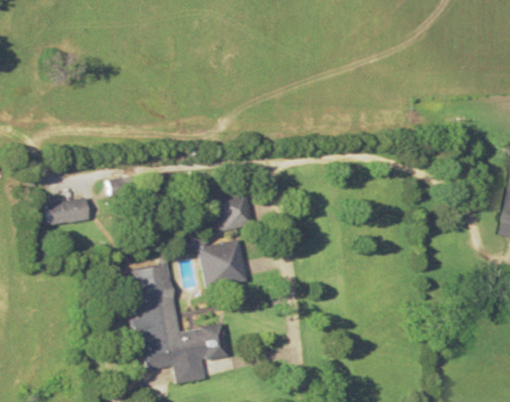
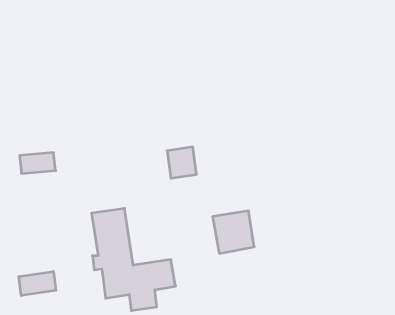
building: [197,239,246,289] -> [213,211,254,253]
building: none -> [19,271,56,296]

